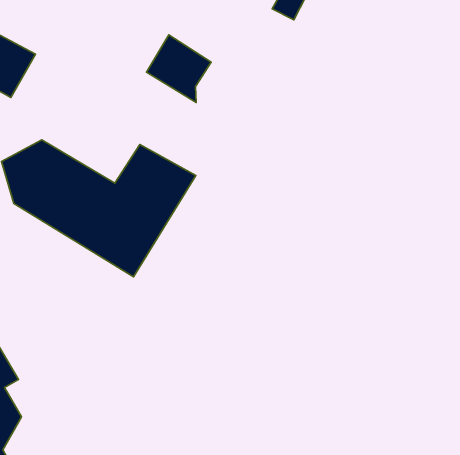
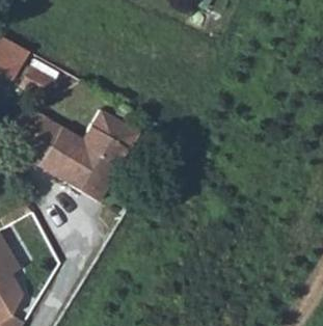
building: [146,35,211,103] -> none

